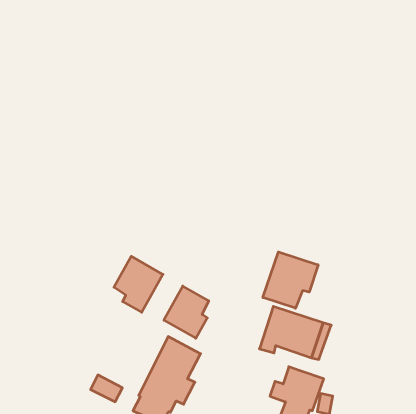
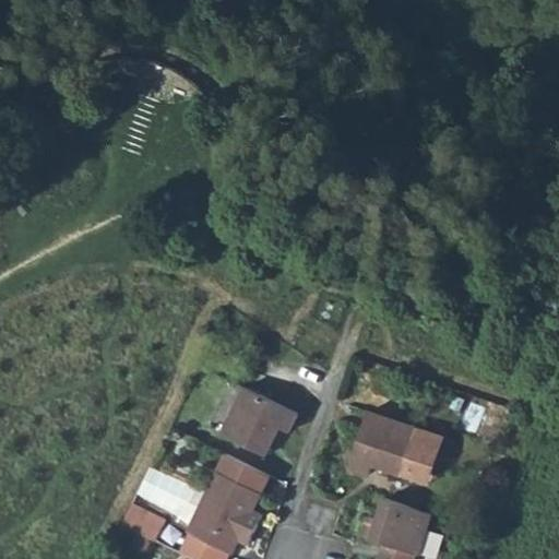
building: [263,252,318,308] -> none
building: [114,256,163,312] -> none

